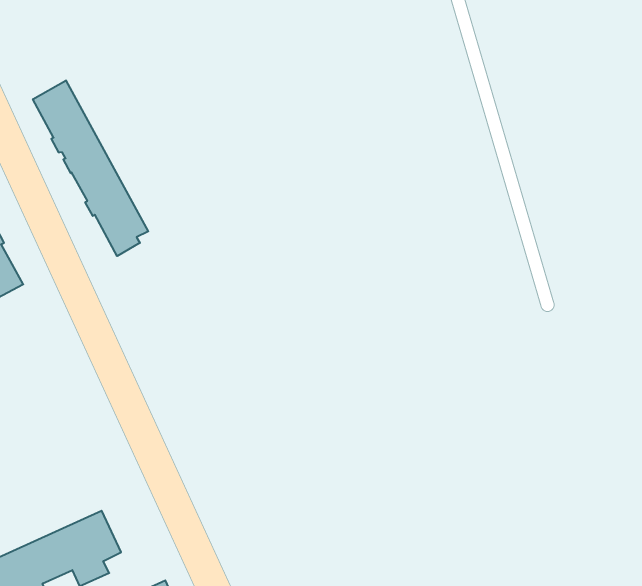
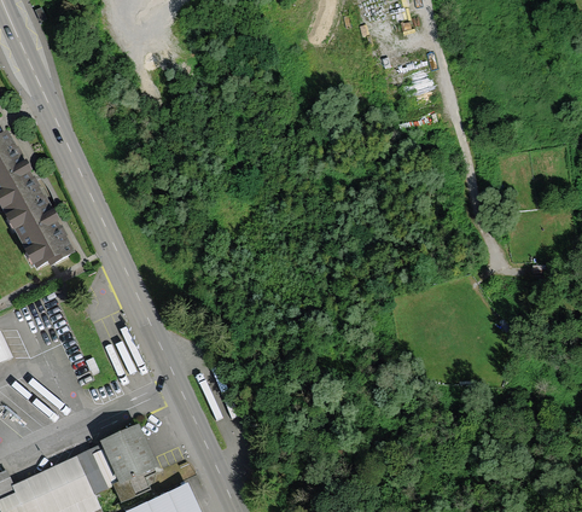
building: [33,80,148,256] -> none

